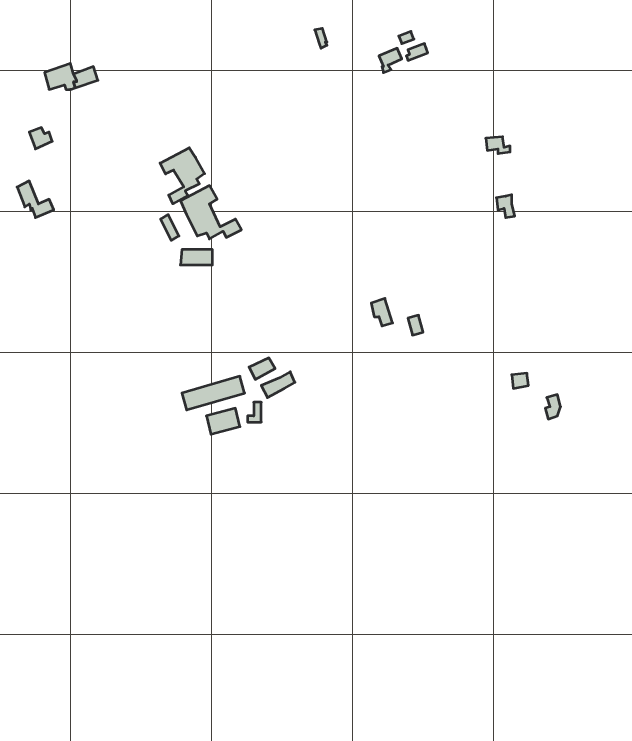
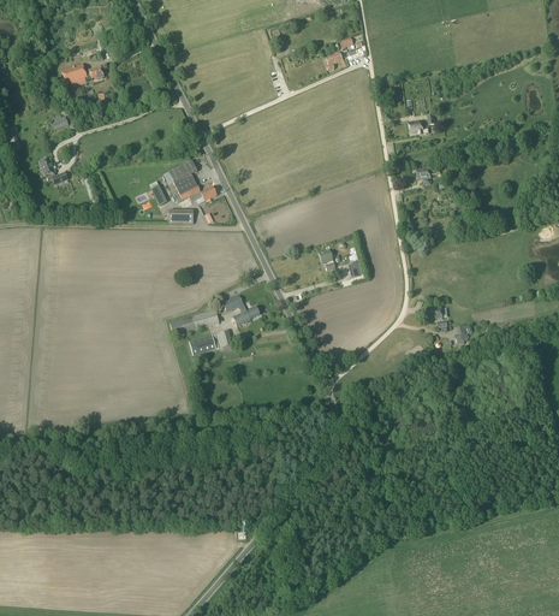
building: [160,148,205,204] -> none

